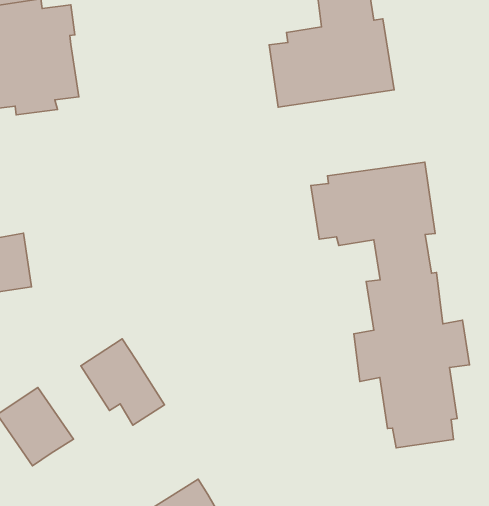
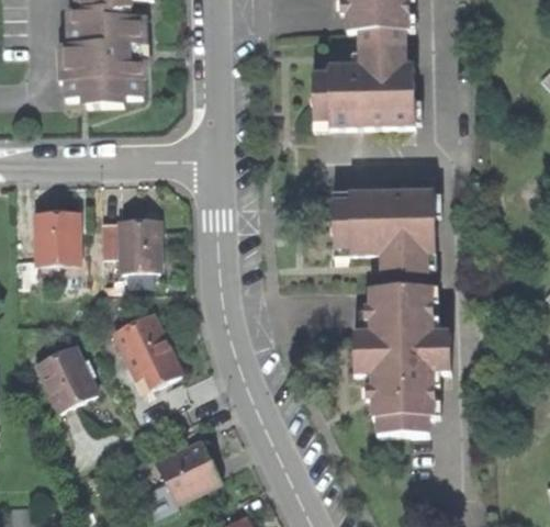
building: none -> [100,218,159,272]

